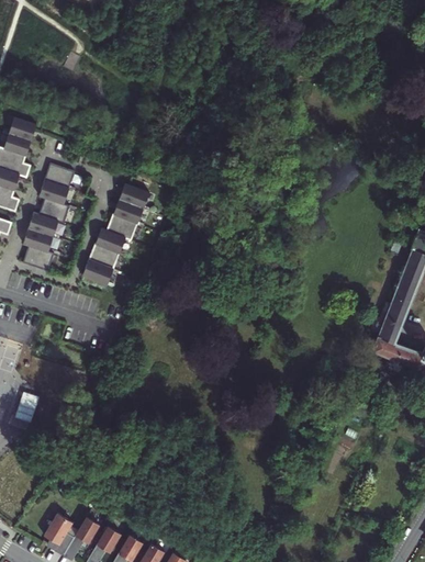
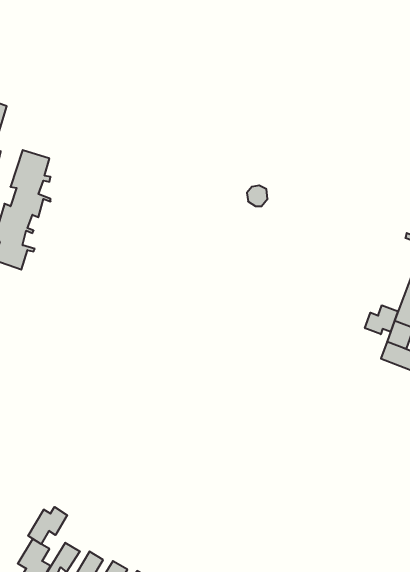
building: [82,182,149,284] -> none
building: none -> [365,305,398,334]
building: none -> [28,507,67,544]

